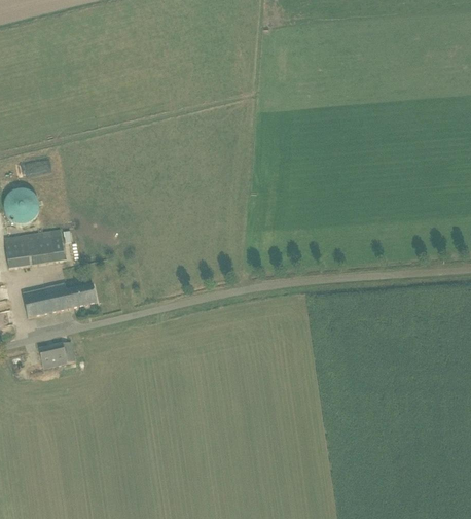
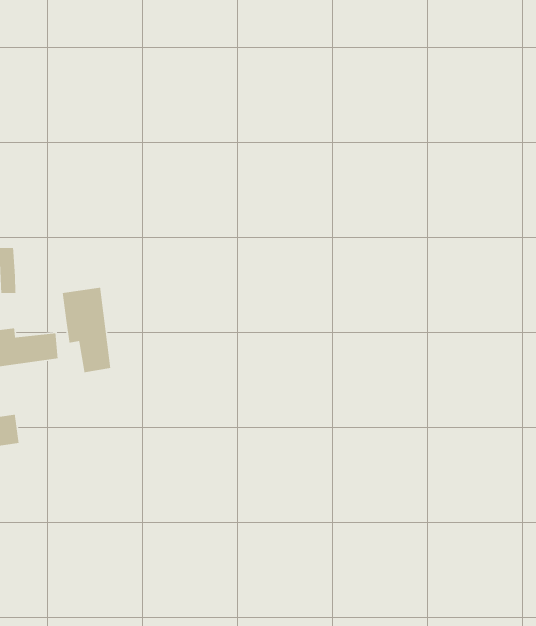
building: none -> [62,287,111,373]

